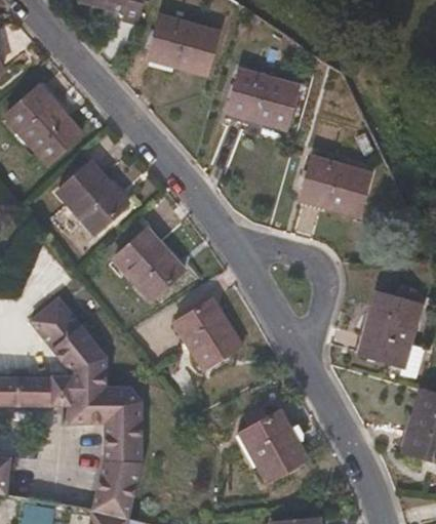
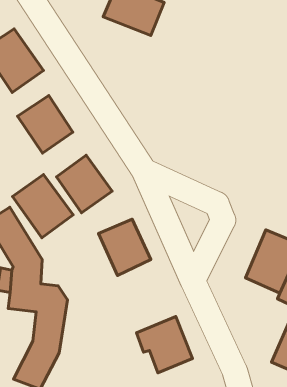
building: [227,68,299,128] -> none
building: [300,156,371,215] -> none
building: none -> [12,174,73,238]

